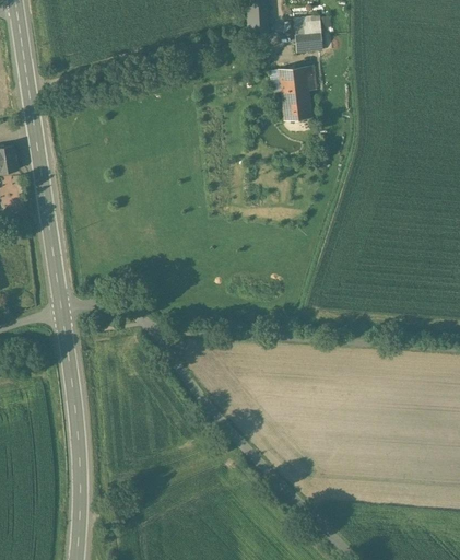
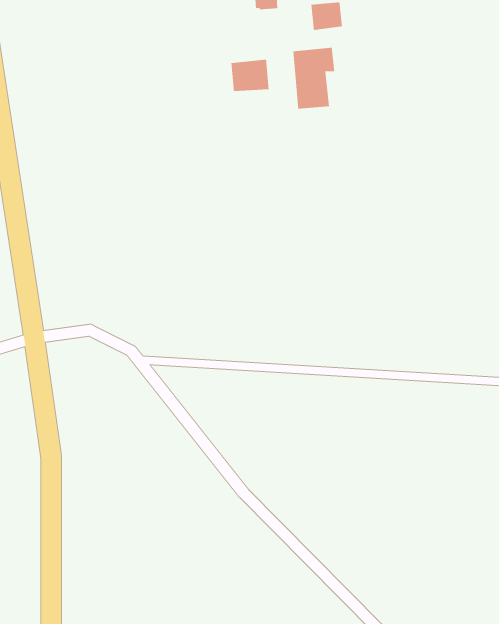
building: none -> [231,59,269,92]

